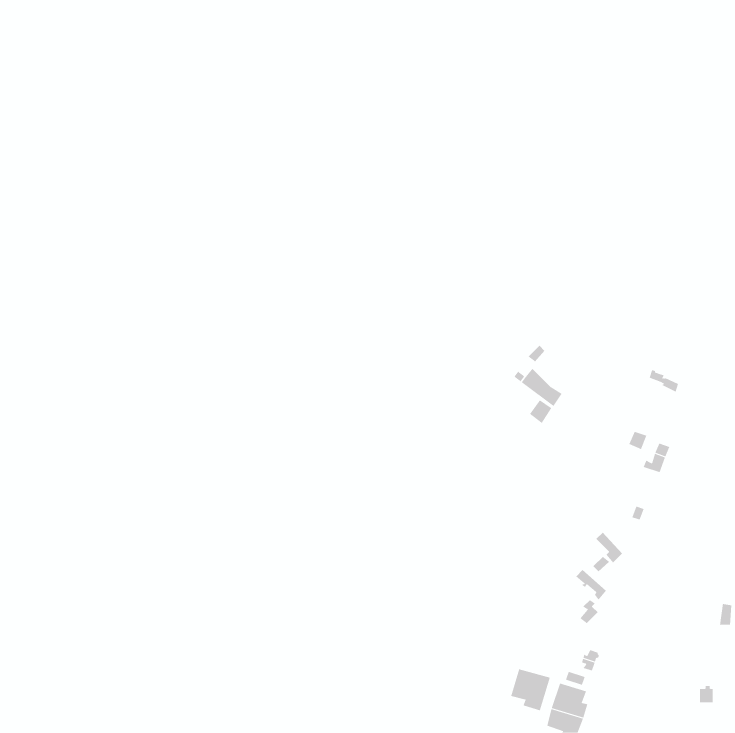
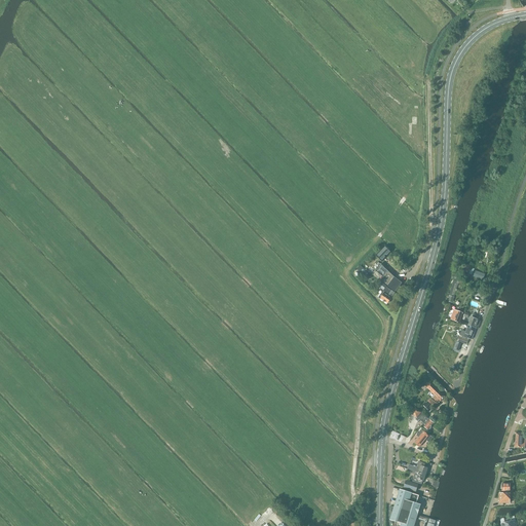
building: [511,668,550,711] -> none

